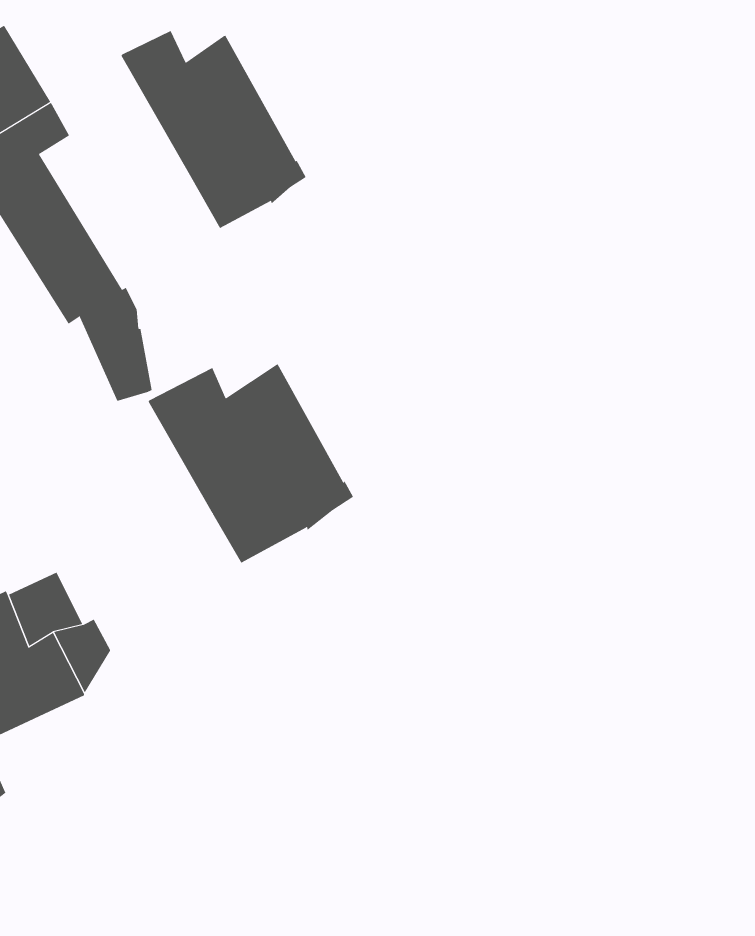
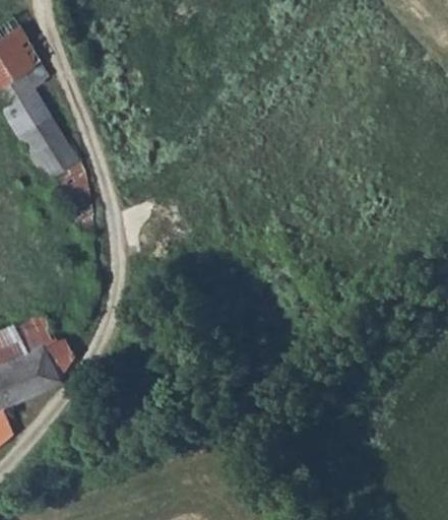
building: [121,30,306,229] -> none
building: [148,364,354,564] -> none

